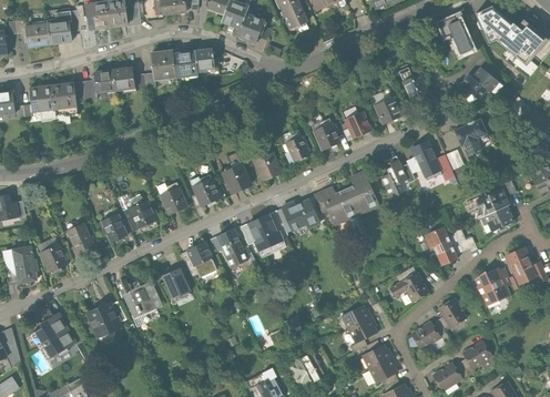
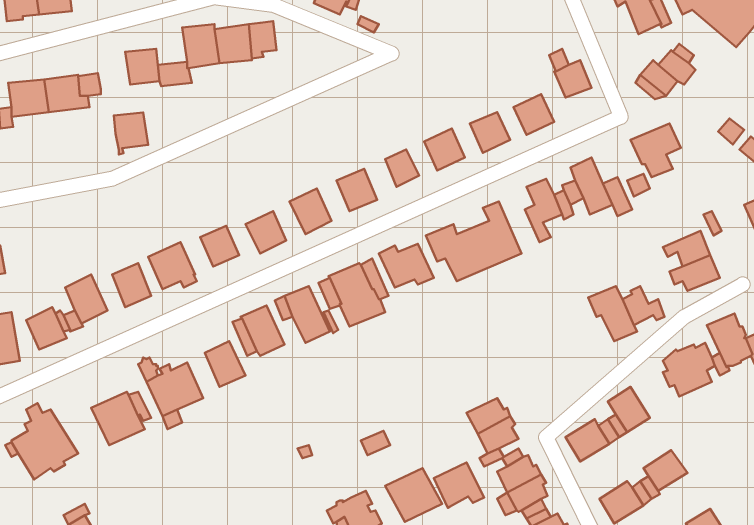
building: [89,69,112,98] -> [114,112,148,155]
building: [390,273,429,303] -> none
building: none -> [434,463,484,508]

